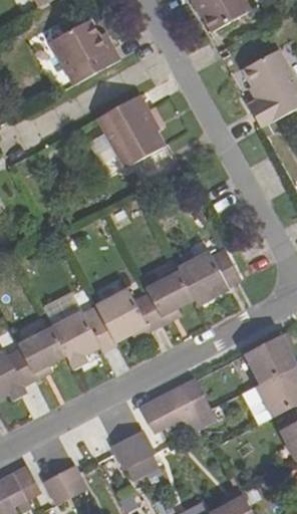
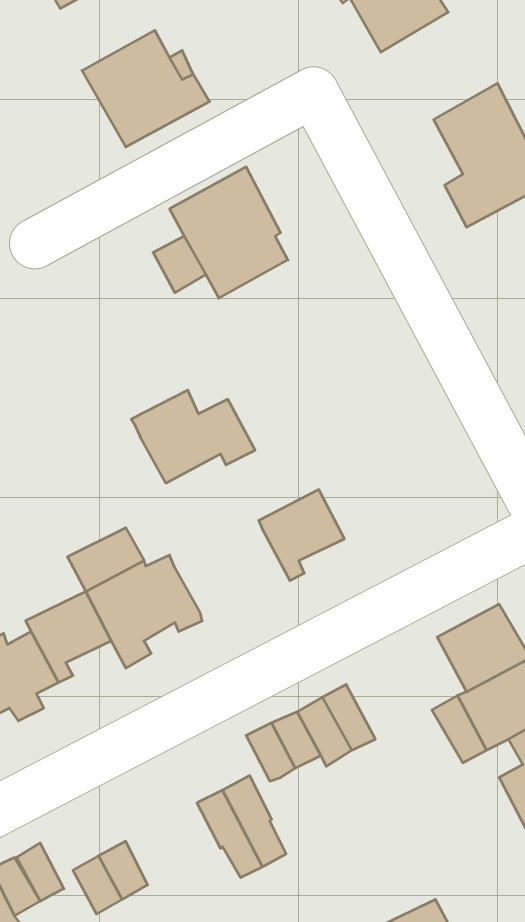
building: [179,249,241,305] -> none
building: [95,288,164,339] -> [131,390,255,483]

